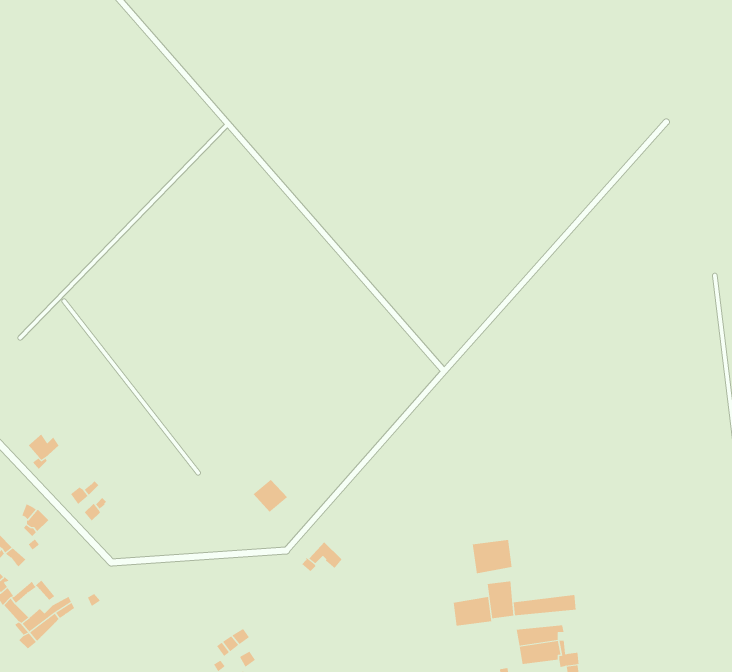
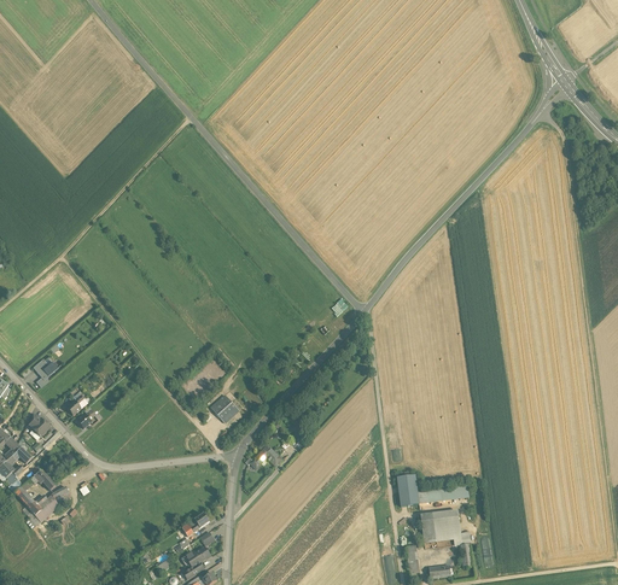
building: [472,539,512,574] -> none
building: [453,596,492,627] -> none

